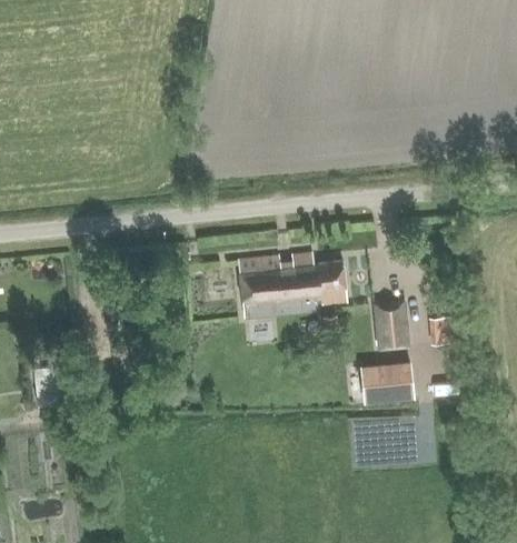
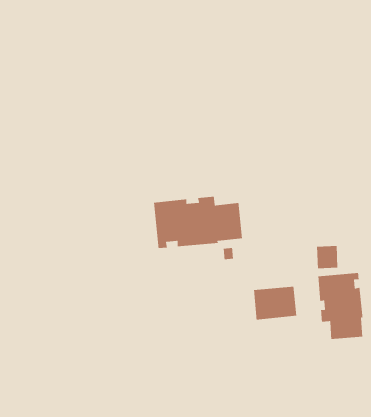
building: [371,303,408,351] -> none
building: none -> [317,272,363,340]

